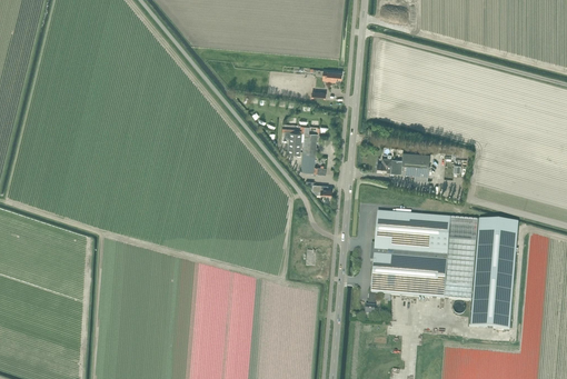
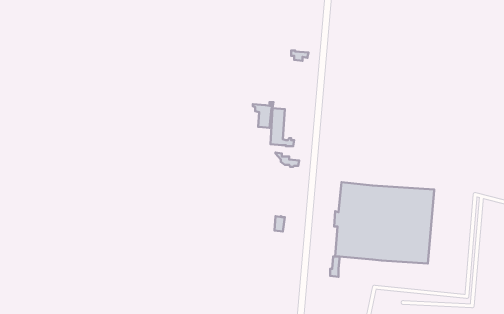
building: [377,149,429,178] -> none
building: [469,219,518,328] -> none

